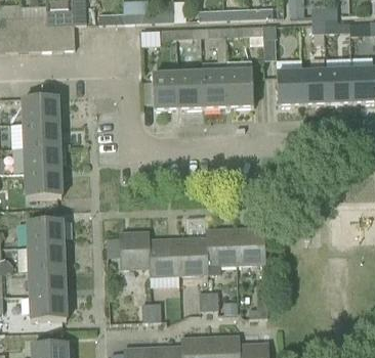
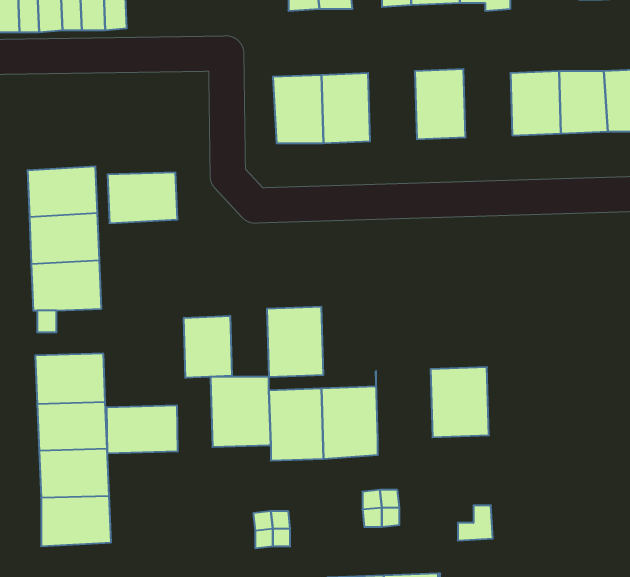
building: [202,71,227,107] -> none
building: [22,96,58,123] -> [107,173,178,223]
building: none -> [184,316,232,378]
building: [206,227,236,264] -> [267,307,323,377]
building: none -> [107,405,178,454]

